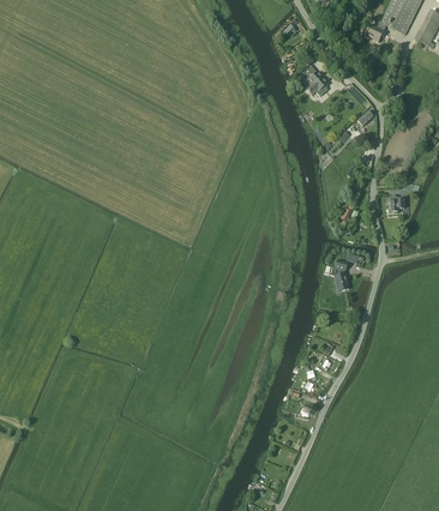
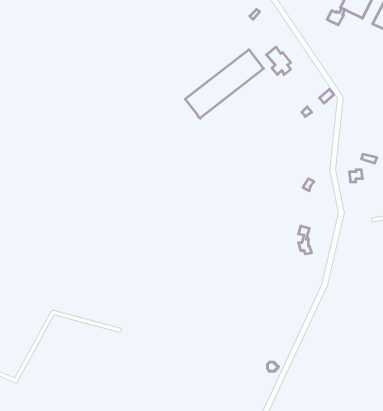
building: none -> [185,50,264,118]

